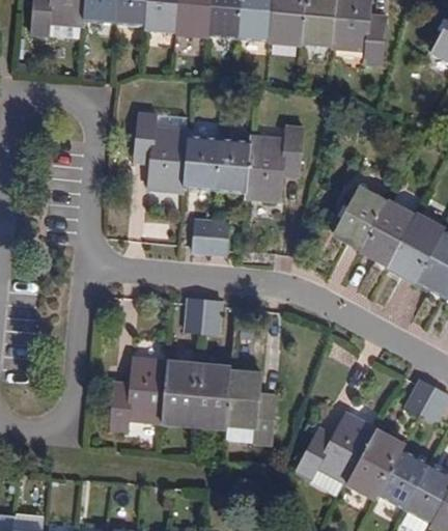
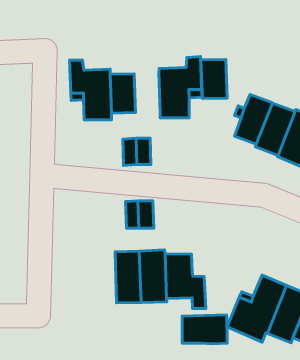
building: [213,140,248,192] -> [201,59,227,99]
building: [109,357,166,432] -> none
building: none -> [182,315,227,344]

